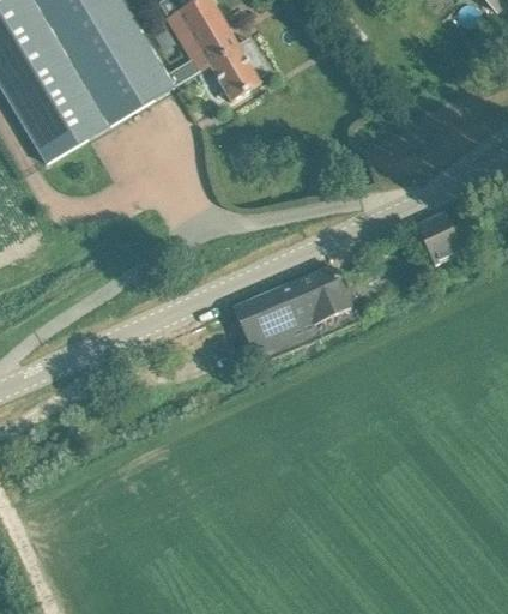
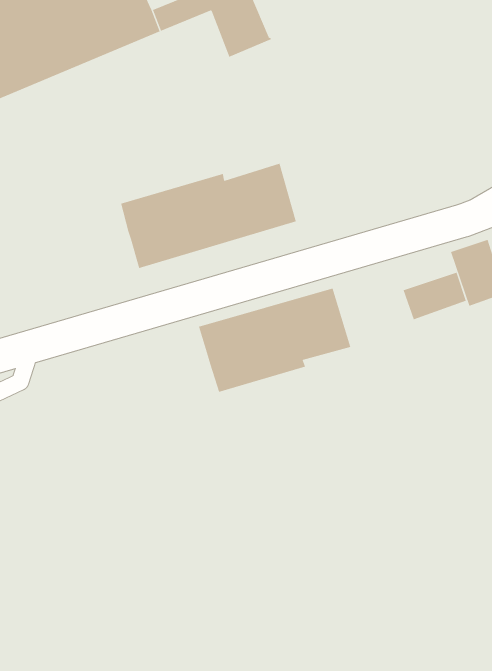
building: none -> [121,163,297,269]
building: none -> [403,272,466,320]

